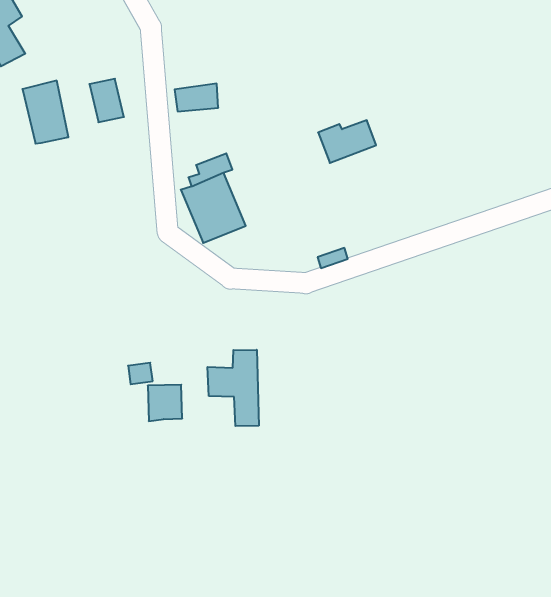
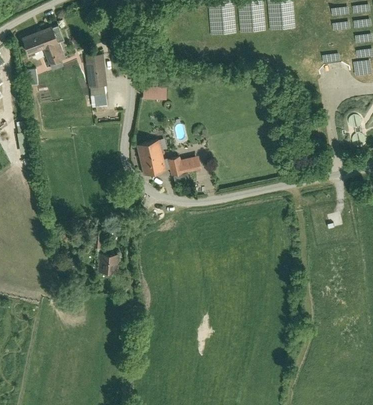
building: [22,81,68,144] -> [87,51,108,83]
building: [318,120,376,163] -> [170,156,200,176]
building: [208,350,259,426] -> none

